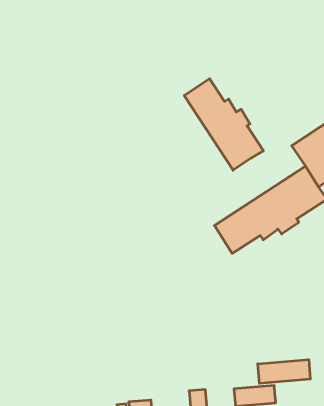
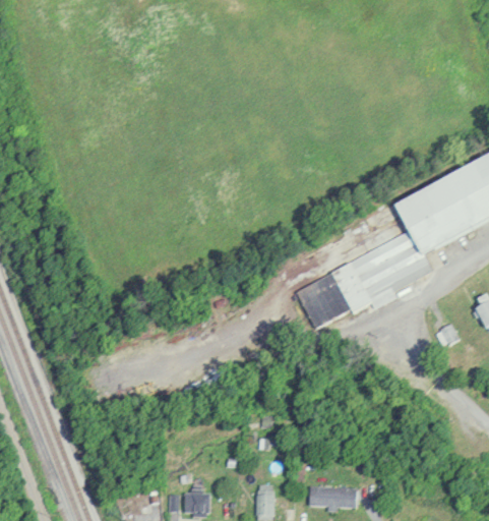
building: [184,79,263,170] -> none
building: [258,360,310,383] -> none

